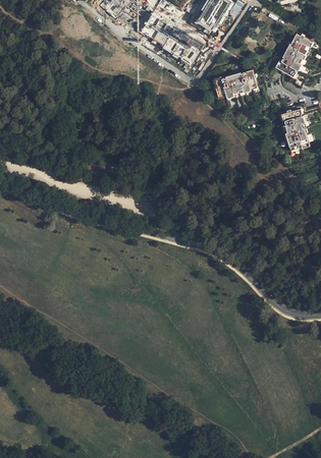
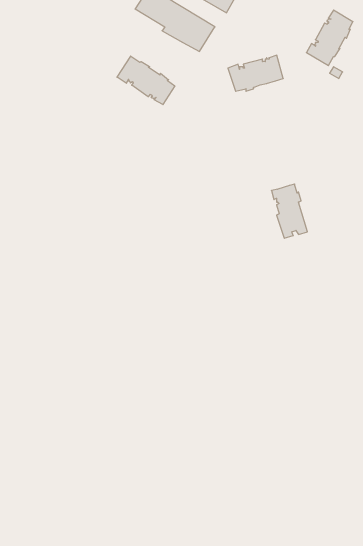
building: none -> [117,56,175,105]
building: [280,109,309,152] -> [271,184,307,238]

